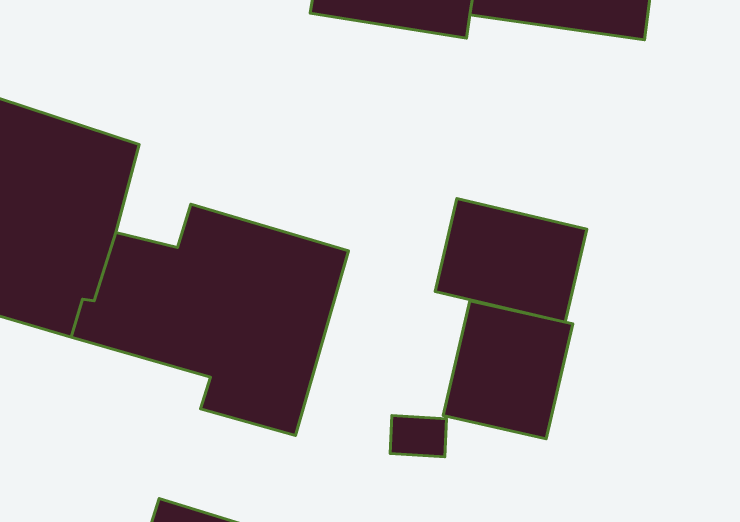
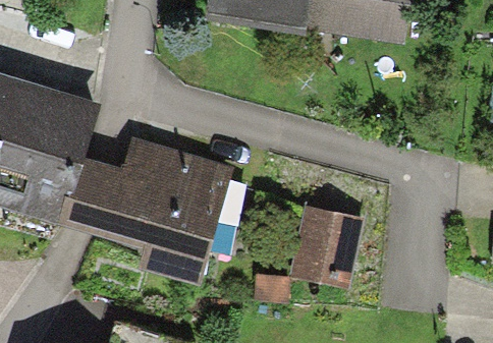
building: [435,198,587,322] -> none

